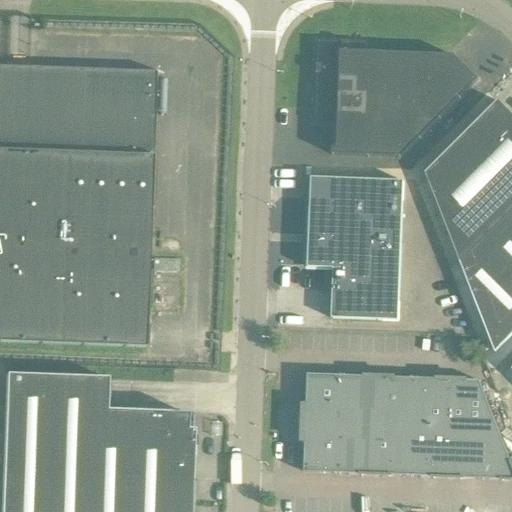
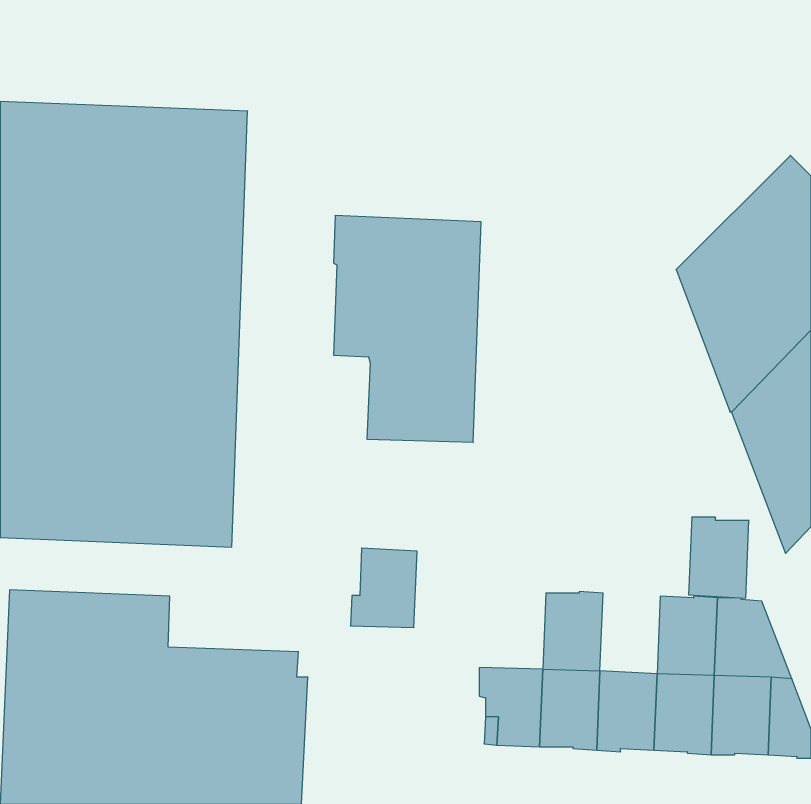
building: [313,39,478,154] -> none
building: [311,175,404,318] -> [334,216,481,442]
building: [302,372,344,422] -> [350,548,417,627]
building: [378,374,416,425] -> [689,517,749,598]

